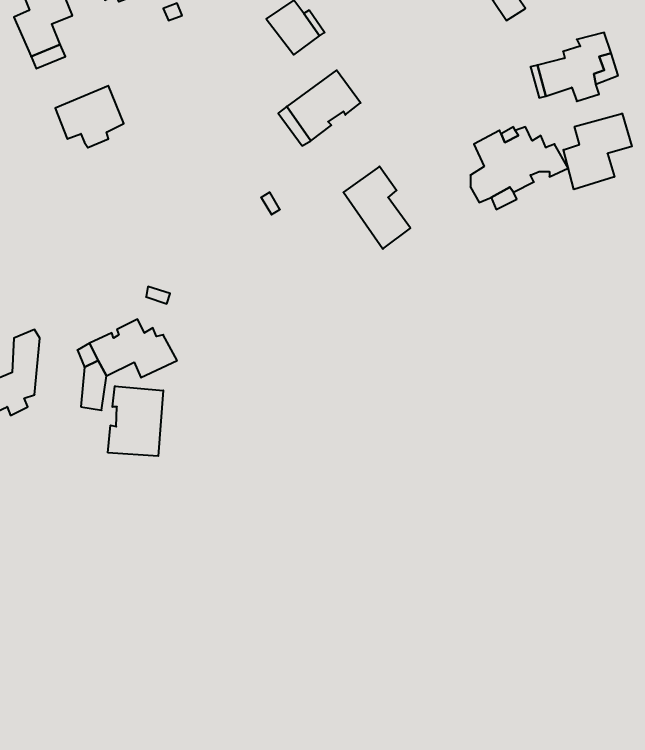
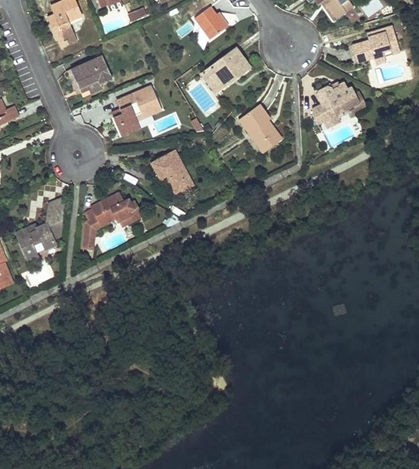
building: [563,113,632,189] -> none
building: none -> [114,88,161,134]
building: none -> [152,150,193,192]
building: [108,386,163,456] -> none

